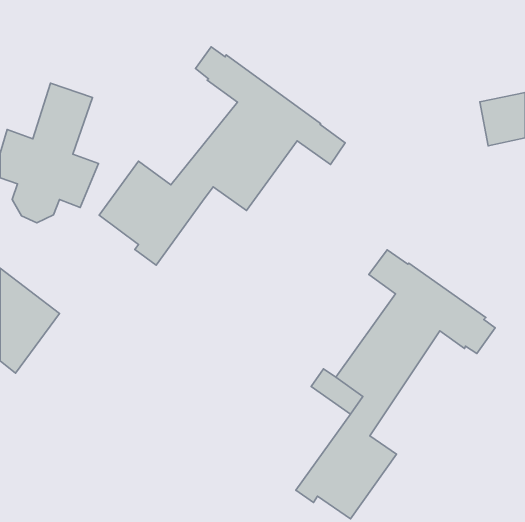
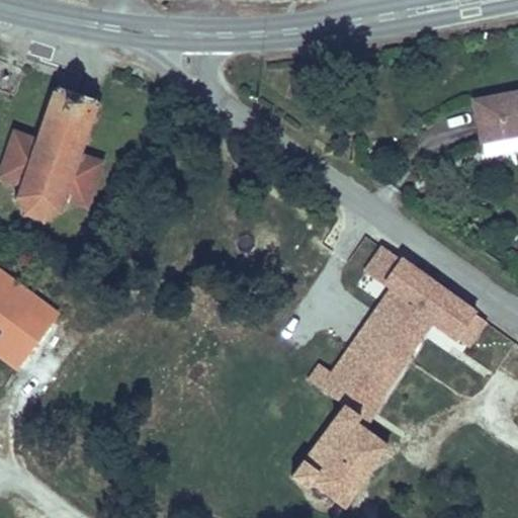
building: [99,47,345,265] -> none

